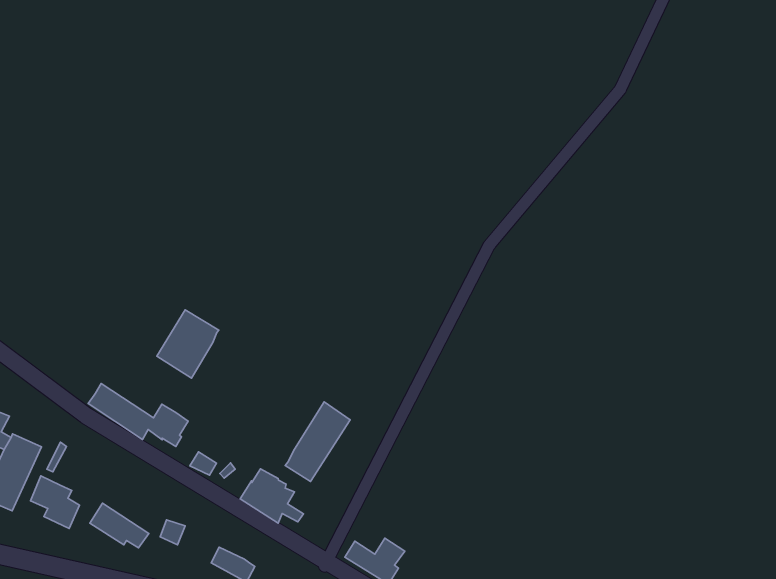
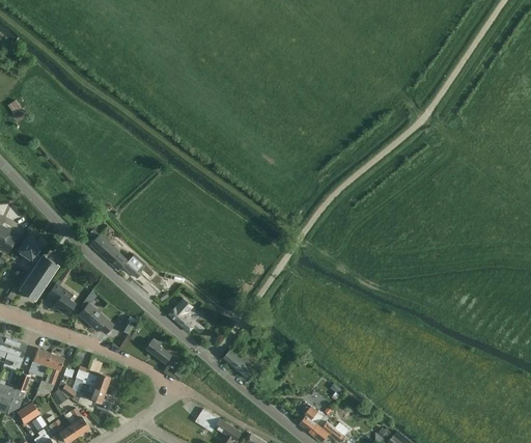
building: [157,310,219,378] -> none
building: [285,402,350,482] -> none

